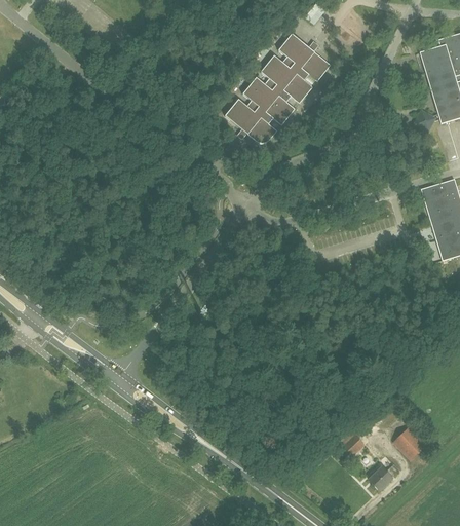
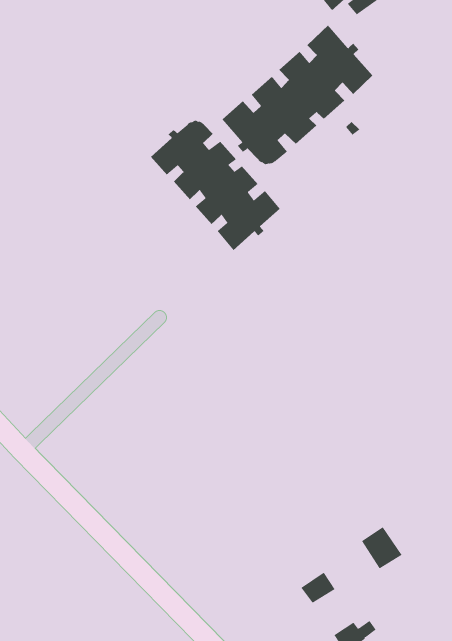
building: none -> [150,120,280,251]
building: [394,427,426,459] -> [361,526,402,569]

